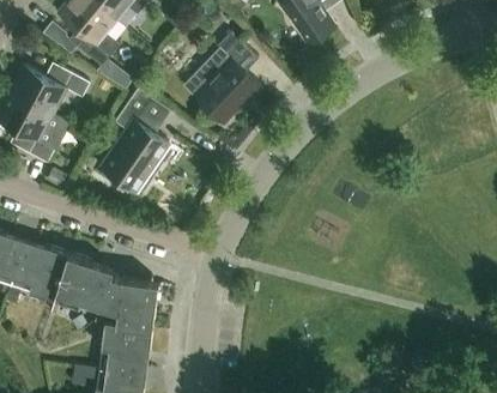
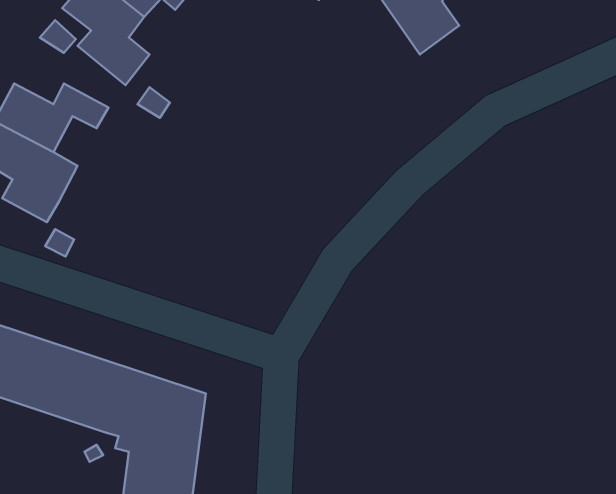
building: [183,31,260,122] -> none
building: [102,89,170,192] -> none

